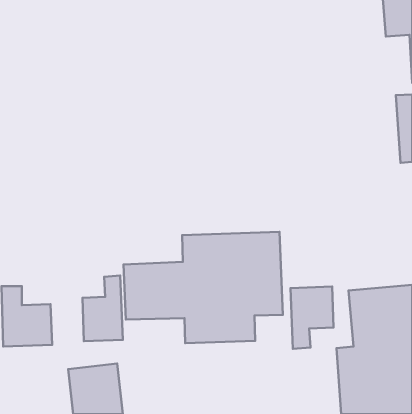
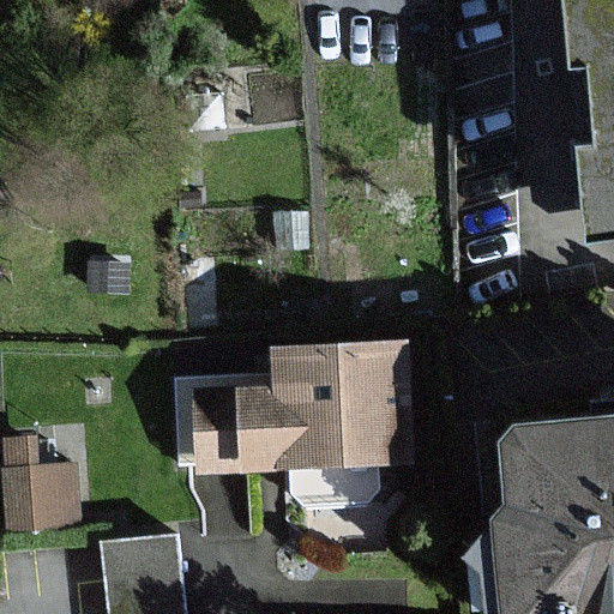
building: [82,276,123,341] -> none
building: [291,287,333,349] -> none

